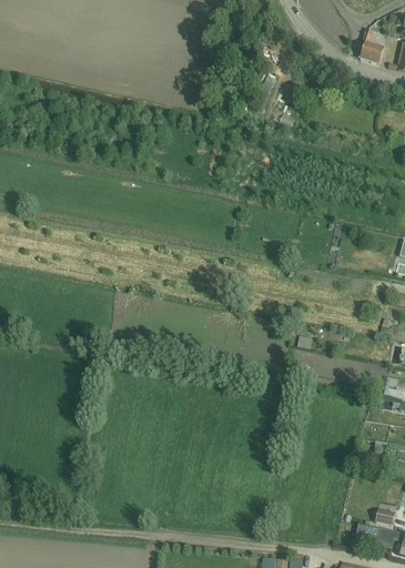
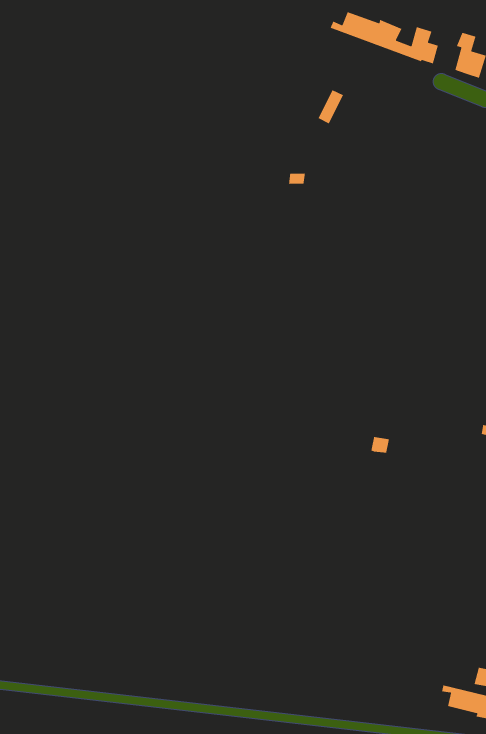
building: none -> [330,11,439,64]

